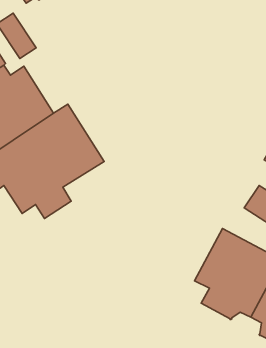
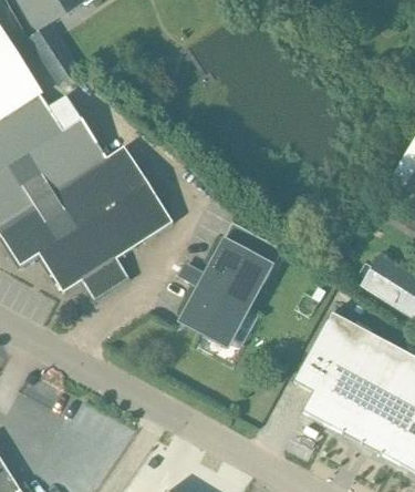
building: none -> [184,221,282,337]

